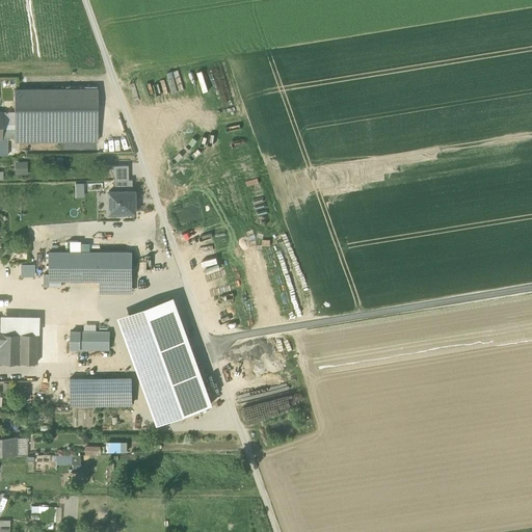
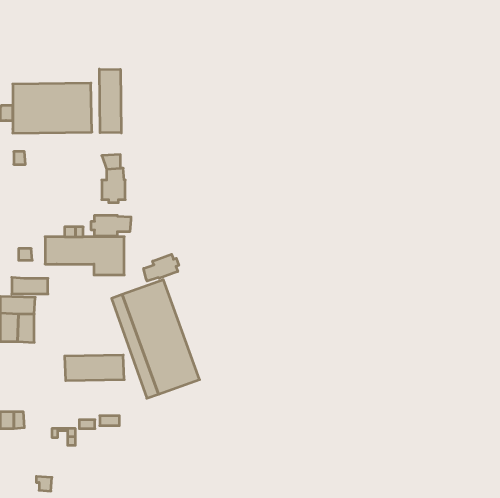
building: none -> [99,69,121,133]
building: none -> [91,215,131,236]
building: none -> [144,254,179,281]
building: [71,332,109,350] -> [12,277,48,294]

